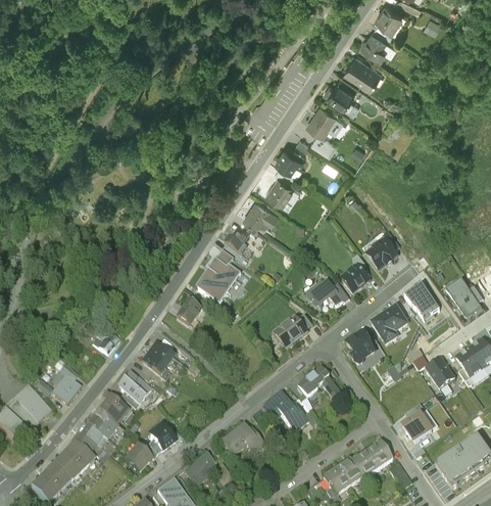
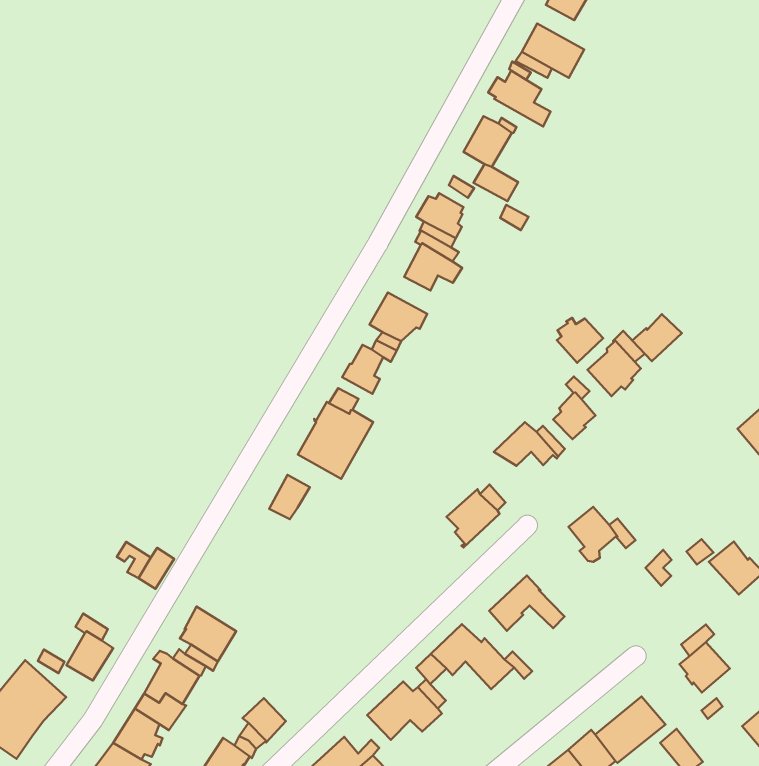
building: none -> [557,318,603,363]
building: none -> [632,314,682,361]
building: [404,283,440,320] -> none
building: [372,305,407,342] -> none
building: [143,340,174,370] -> none

